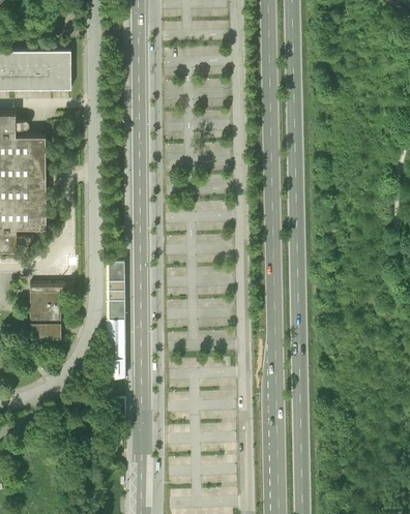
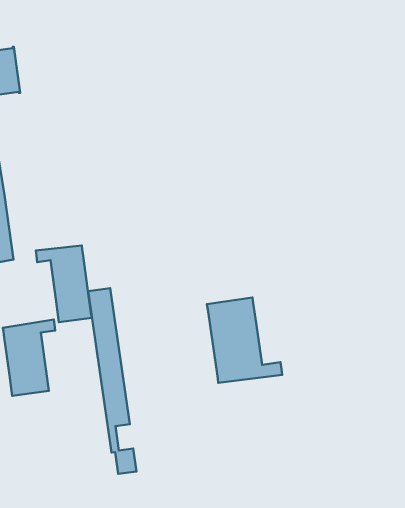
building: none -> [36,246,92,322]
building: none -> [207,297,282,383]

